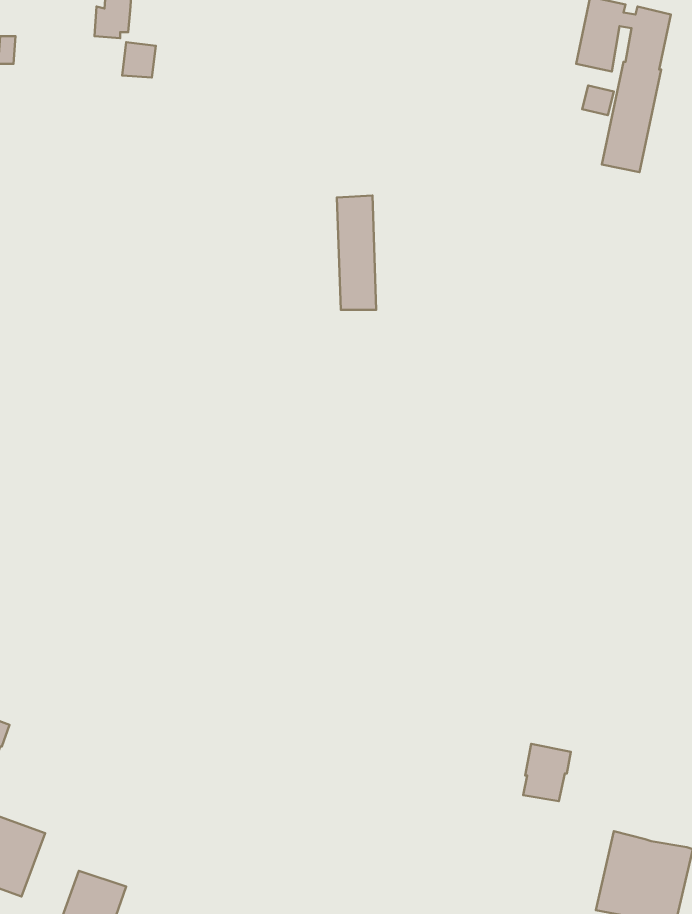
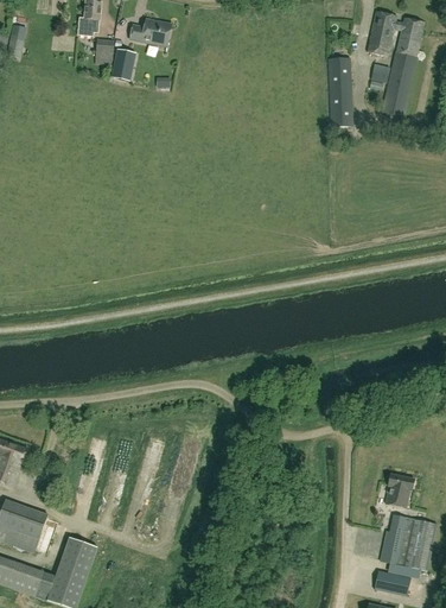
building: none -> [130,19,172,44]
building: none -> [112,49,136,81]
building: [337,195,376,310] -> [329,57,352,126]
building: [523,744,571,801] -> [386,473,414,507]

